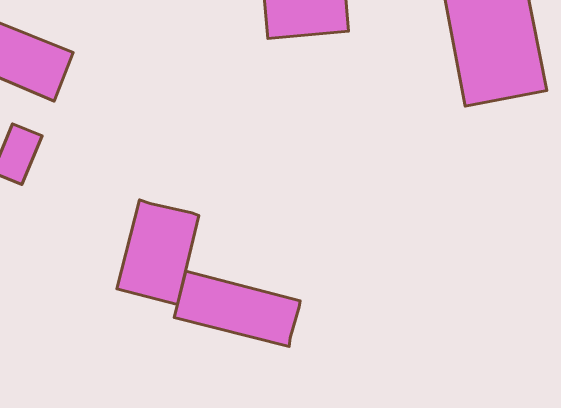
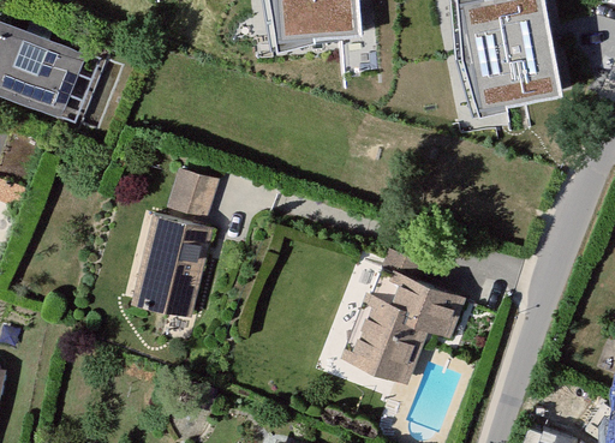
building: none -> [161,166,216,225]
building: none -> [346,253,459,378]
building: [174,271,300,346] -> none

